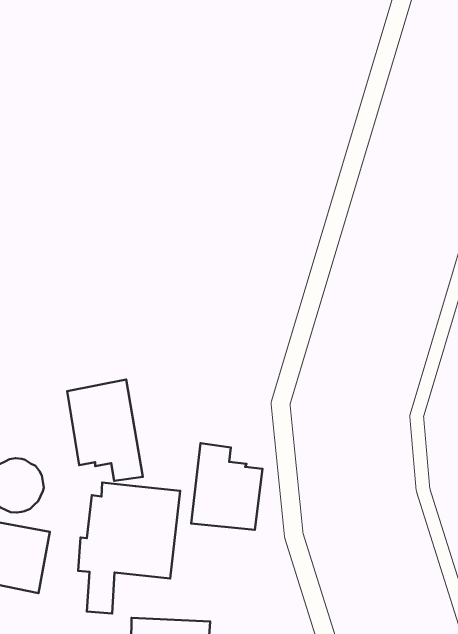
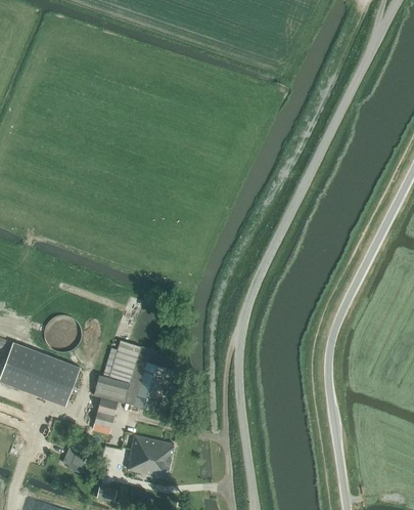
building: [67,380,143,481] -> none
building: [191,443,263,530] -> none

